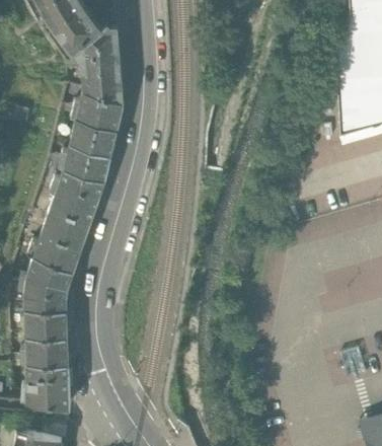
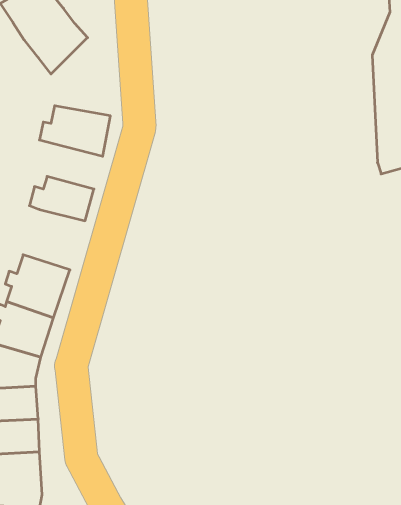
building: [77,30,125,95] -> none
building: [67,118,119,154] -> none
building: [53,170,104,219] -> none

